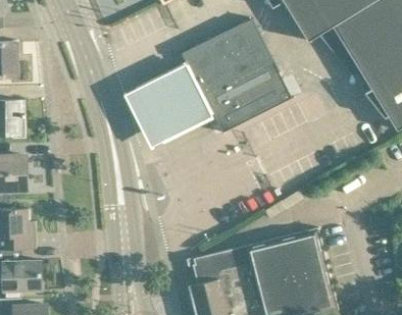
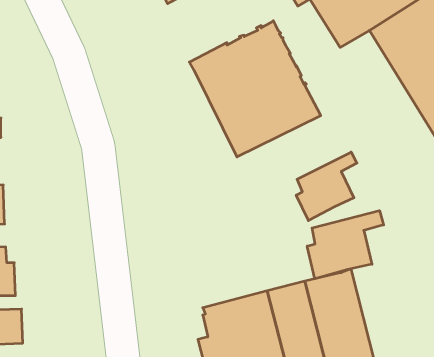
building: [123,59,209,142] -> none
building: none -> [296,152,357,221]
building: none -> [307,211,384,279]

